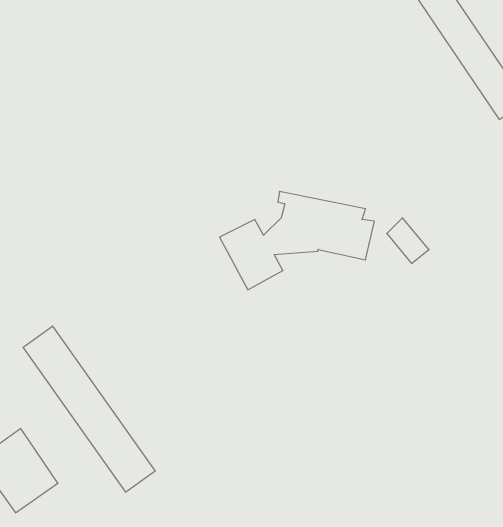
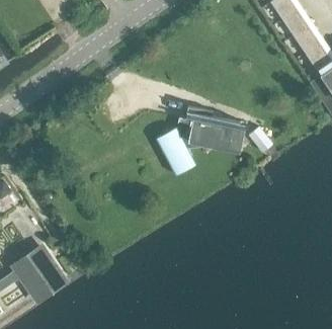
building: [23,326,155,492] -> none

